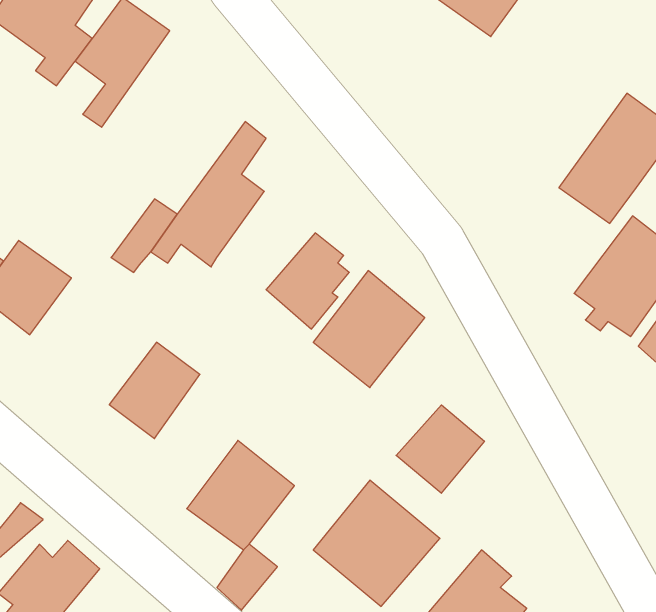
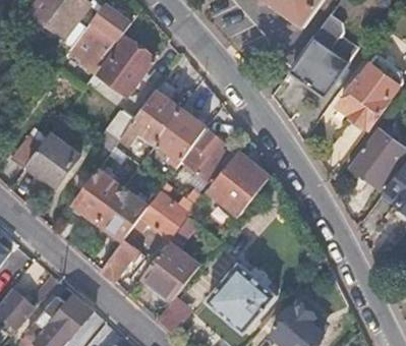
building: none -> [291,14,355,96]
building: none -> [98,37,153,96]
building: none -> [155,108,206,168]
building: none -> [72,170,122,223]
building: none -> [99,192,186,283]
building: [396,405,484,493] -> none

